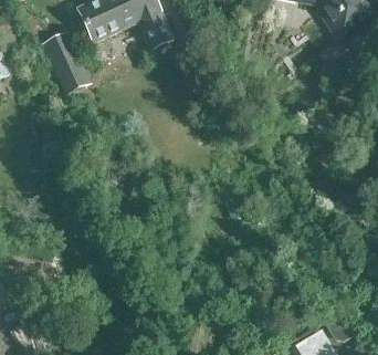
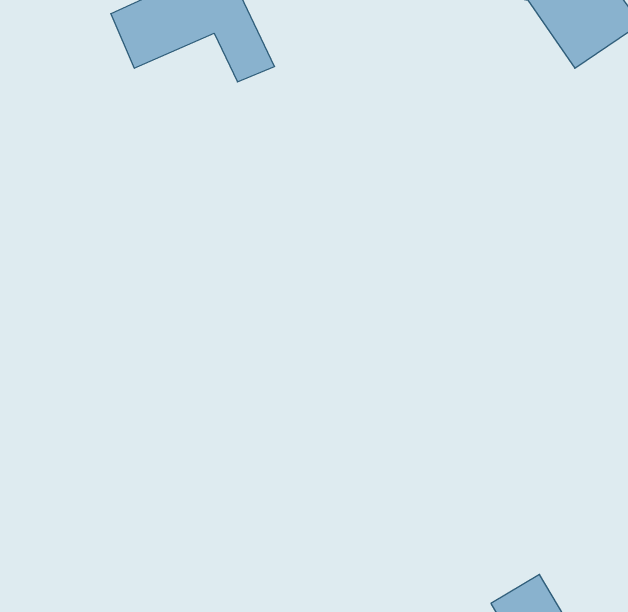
building: [43,34,86,92] -> none

